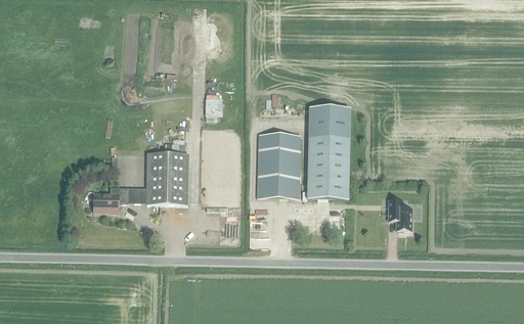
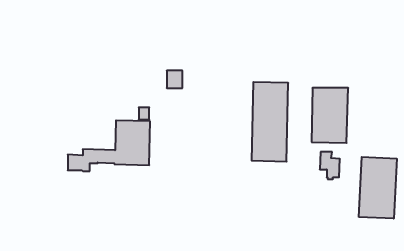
building: [256,133,299,197] -> [312,88,348,143]
building: none -> [359,157,397,219]

